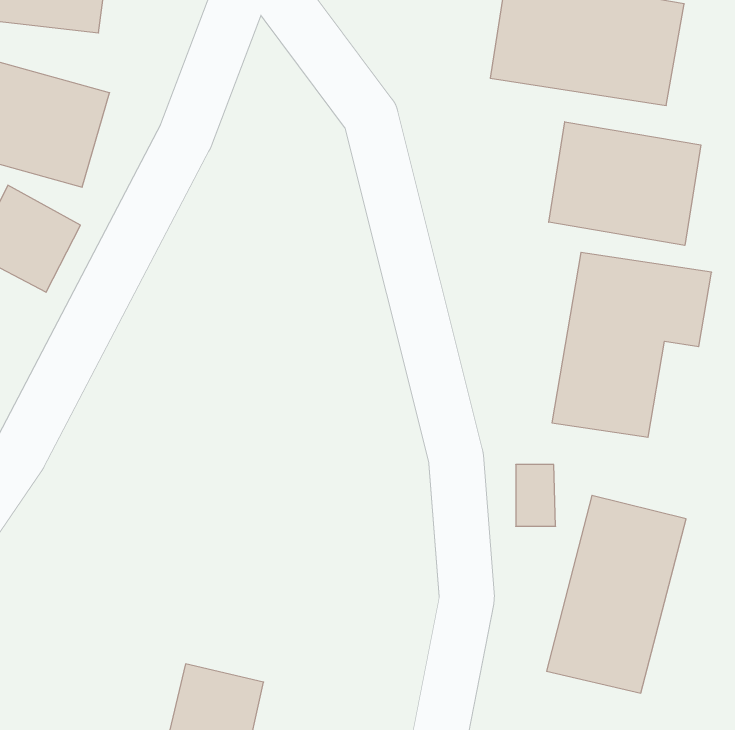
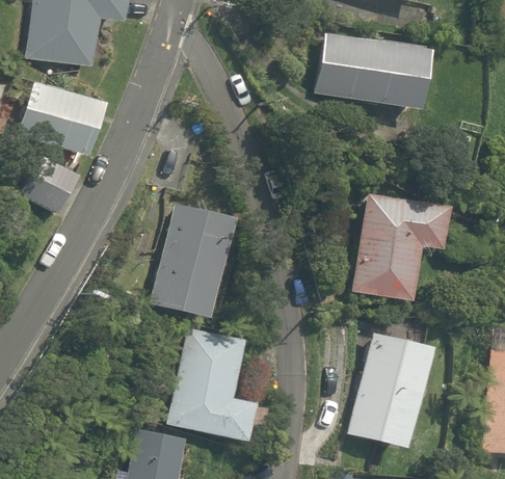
building: [549,122,701,245] -> none
building: none -> [153,203,233,316]
building: none -> [169,327,267,438]

